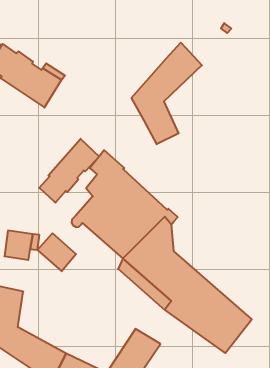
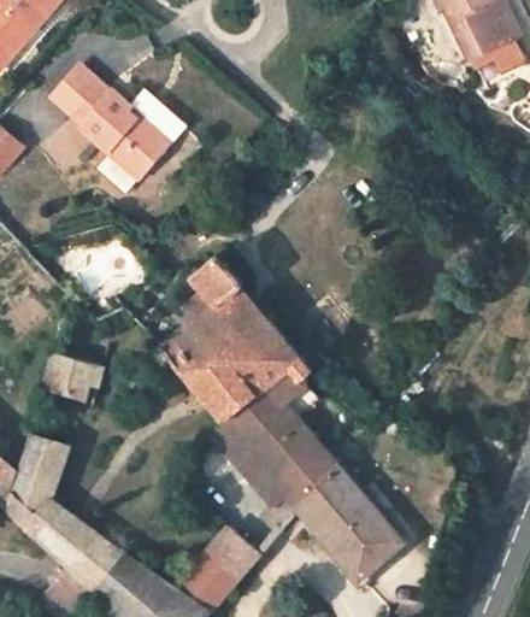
building: [132,43,202,144] -> none
building: [39,139,99,203] -> none
building: [37,233,76,271] -> none

